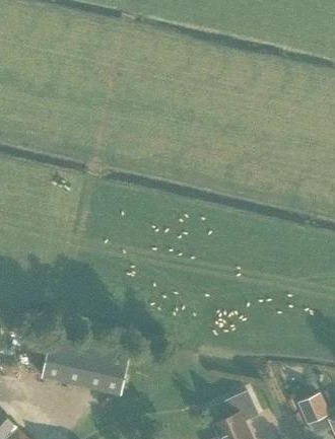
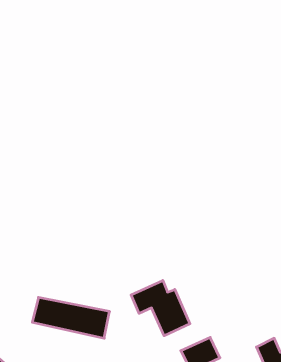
building: none -> [131,280,190,336]

